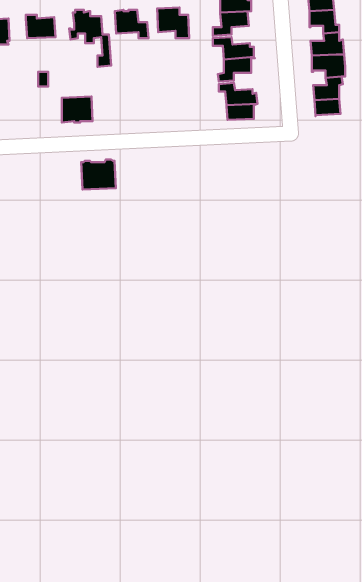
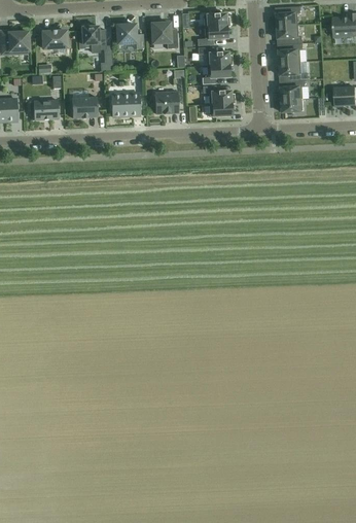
building: none -> [154,91,179,113]
building: none -> [29,99,59,119]
building: [81,160,116,189] -> [111,92,140,116]

